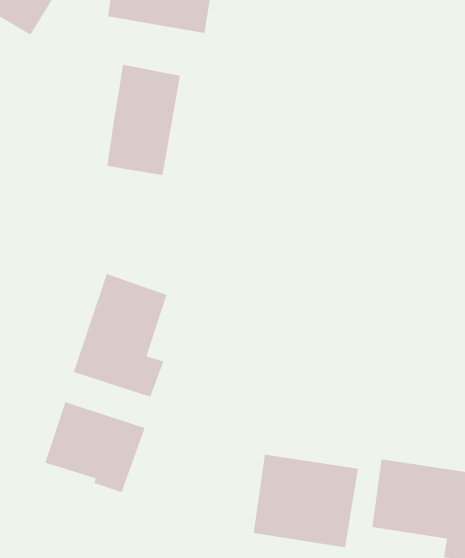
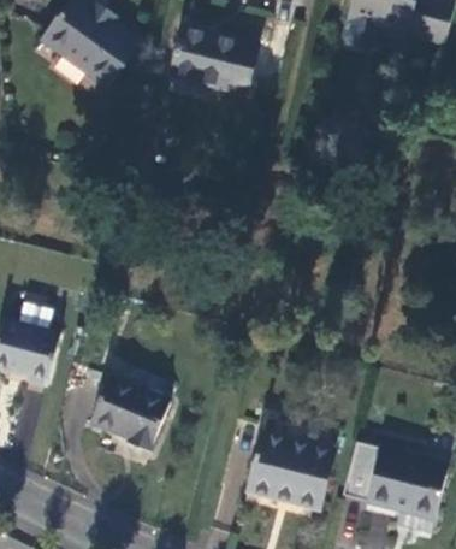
building: [107,64,180,176] -> none
building: [73,273,167,397] -> none

